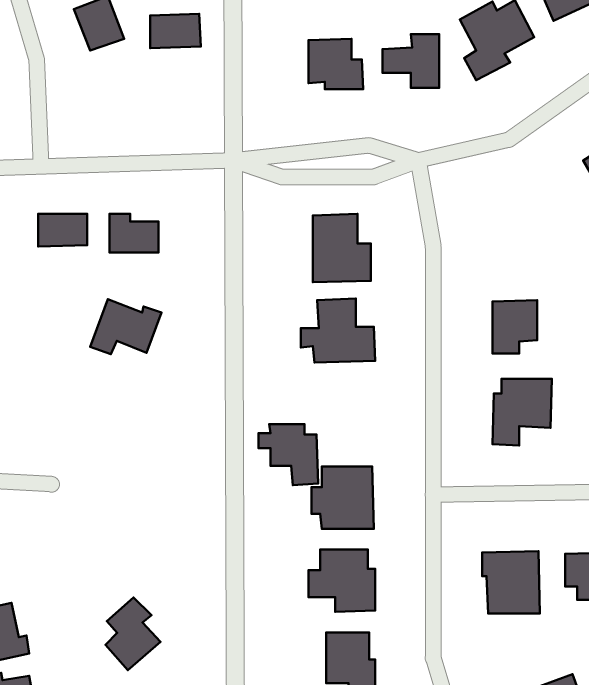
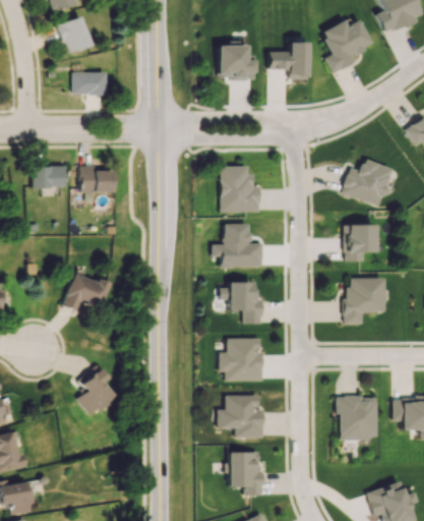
building: [150,14,201,48] -> [72,71,107,95]
building: none -> [341,158,392,207]
building: [90,299,161,354] -> [63,273,112,310]
building: [259,424,318,485] -> [221,282,261,324]
building: [105,597,160,670] -> [76,364,114,414]

